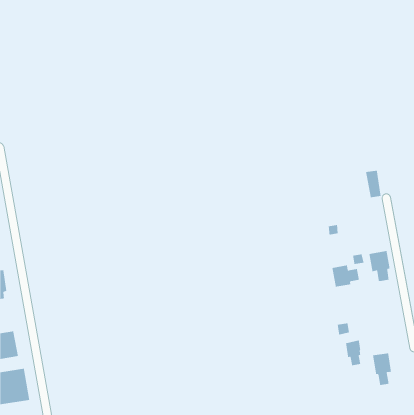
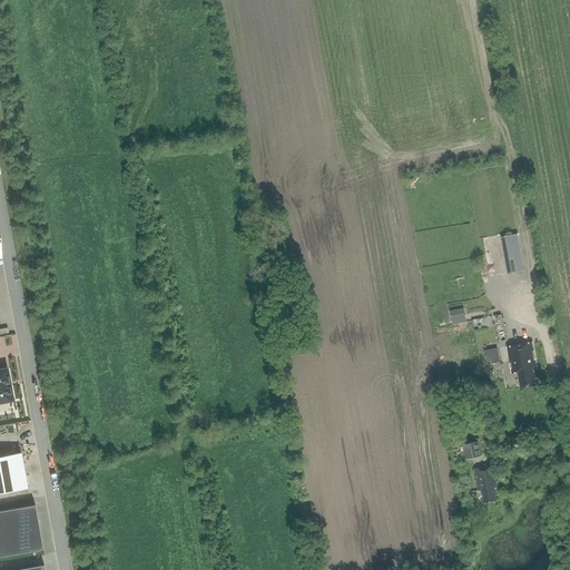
building: [332,265,360,288] -> none
building: [372,352,392,386] -> none

